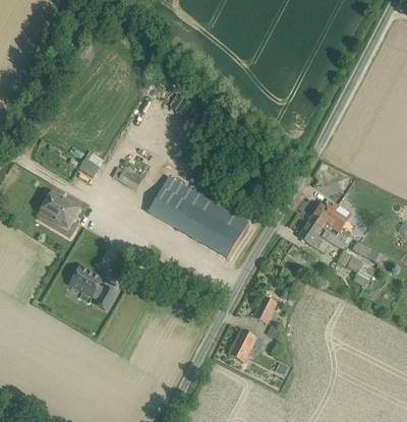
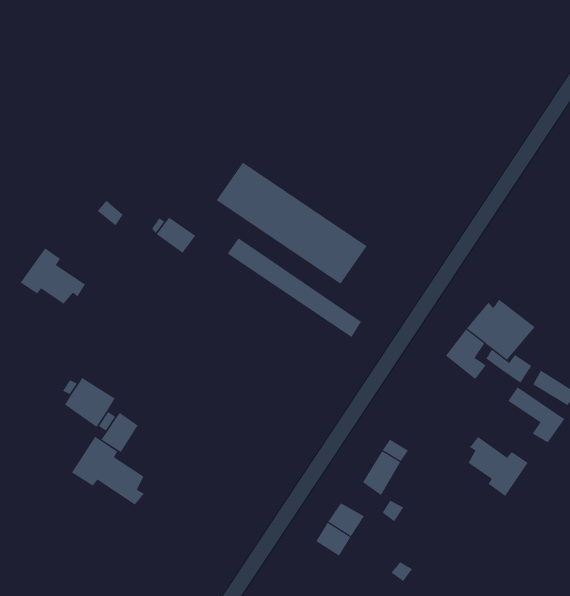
building: [148,186,241,255] -> [216,162,368,285]
building: none -> [468,436,529,497]
building: none -> [71,436,144,506]

